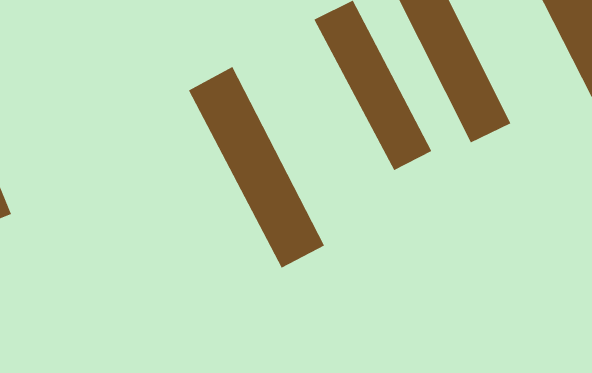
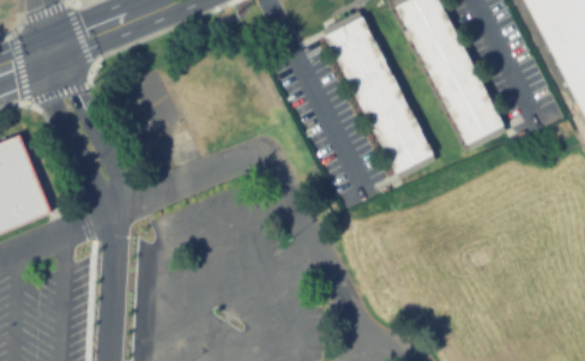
building: [188,66,325,269] -> none

